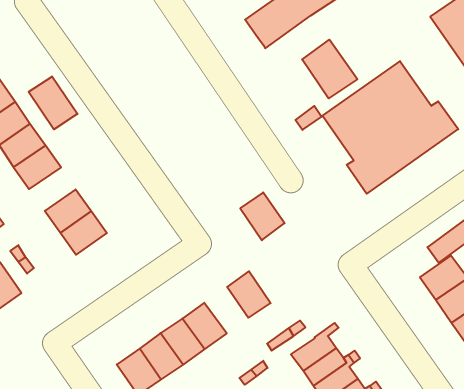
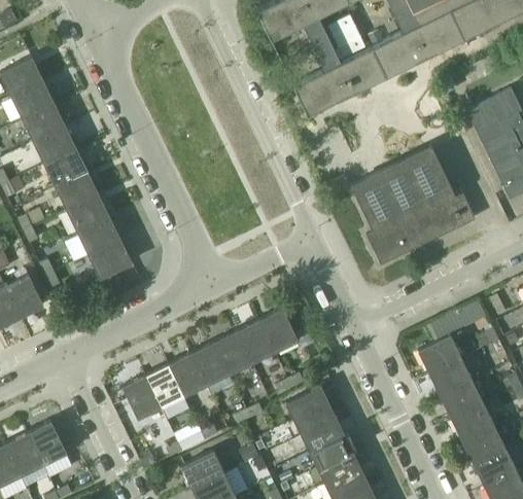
building: [302,40,357,98] -> none
building: [29,76,78,129] -> none
building: none -> [67,195,110,234]
building: [240,192,285,240] -> [259,309,299,353]
building: none -> [213,331,252,375]

